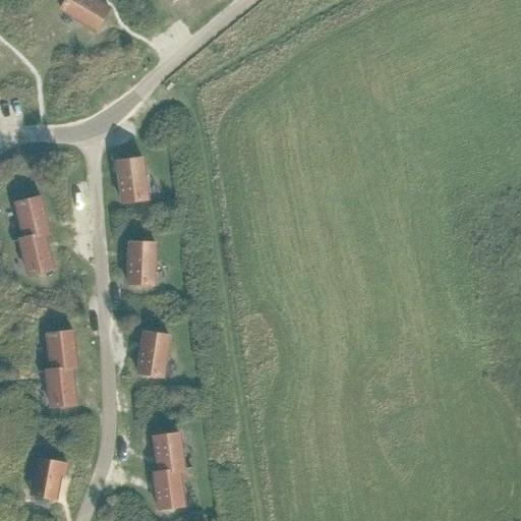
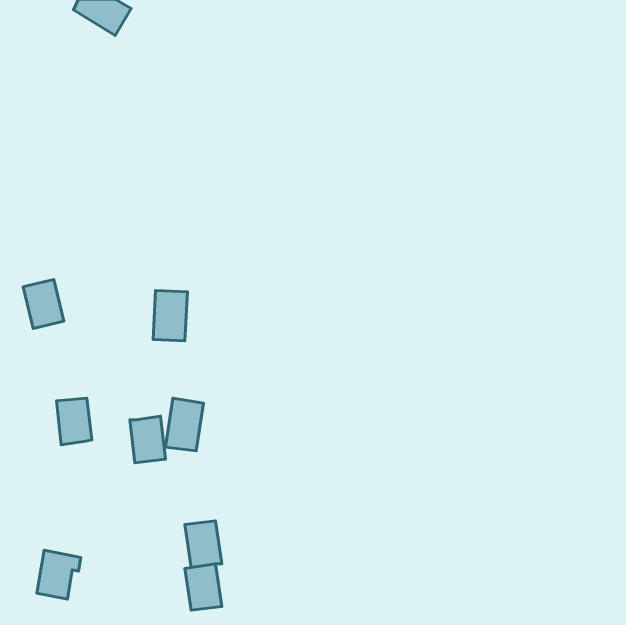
building: [117,157,148,200] -> none
building: [15,195,49,237] -> none
building: [46,366,75,405] -> [130,416,165,463]

